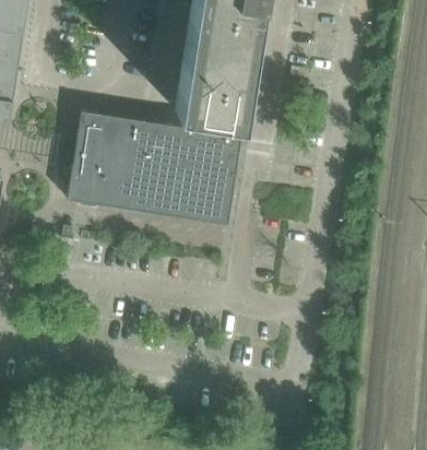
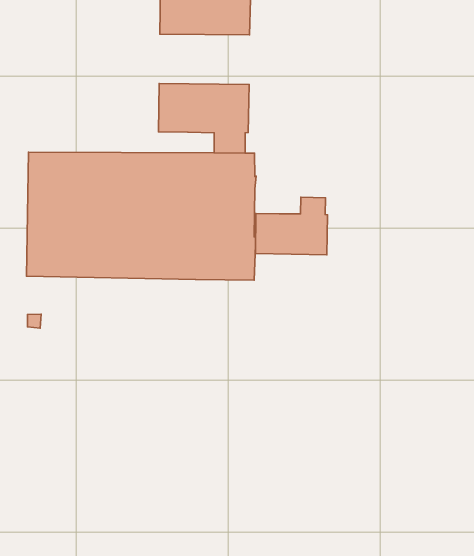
building: [182,42,251,86] -> none
building: none -> [255,197,327,255]

